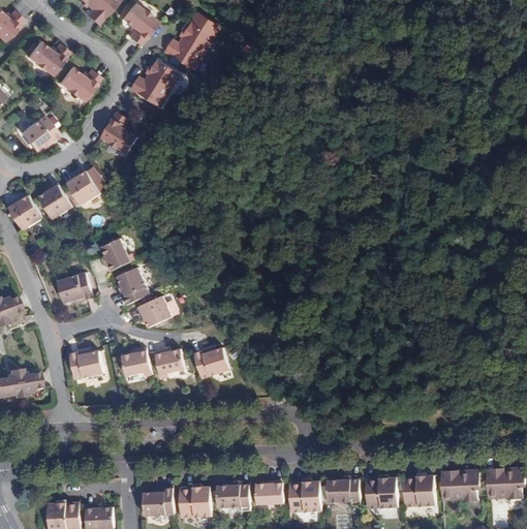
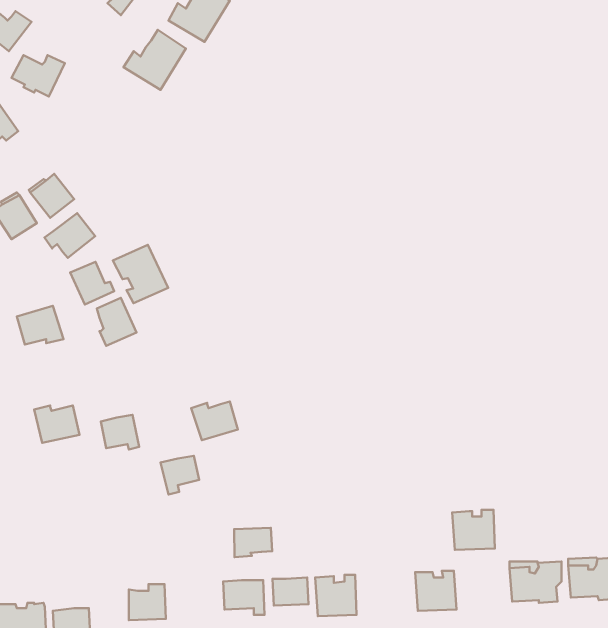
building: [102,117,144,150] -> none
building: none -> [45,213,95,258]
building: none -> [113,245,168,303]
building: [140,294,172,326] -> none
building: [155,351,185,381] -> [160,456,199,495]
building: none -> [234,528,272,557]
building: [402,475,435,506] -> [452,510,495,550]
building: [322,479,360,506] -> none
building: [179,487,211,517] -> none

